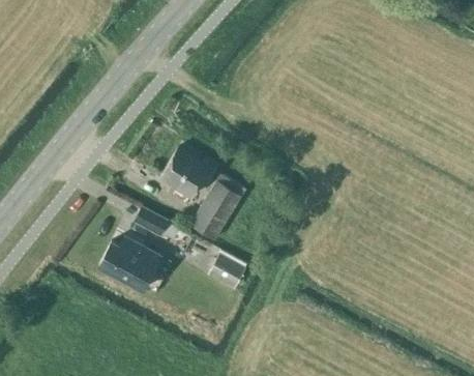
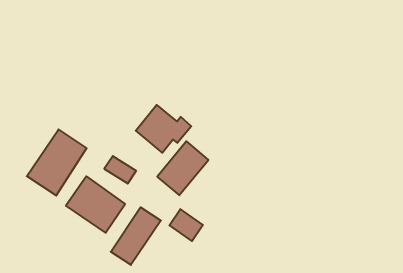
building: none -> [27,129,87,196]
building: none -> [111,207,161,265]

